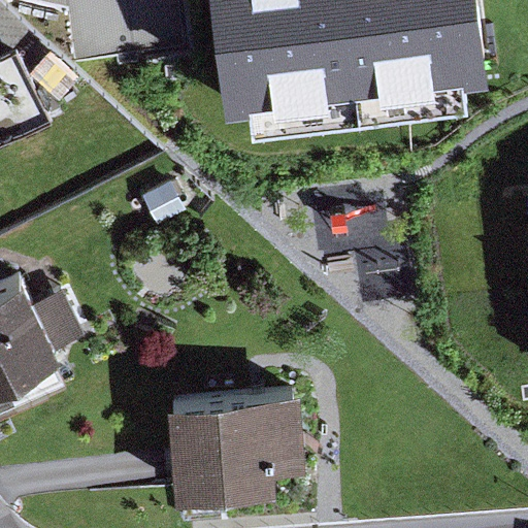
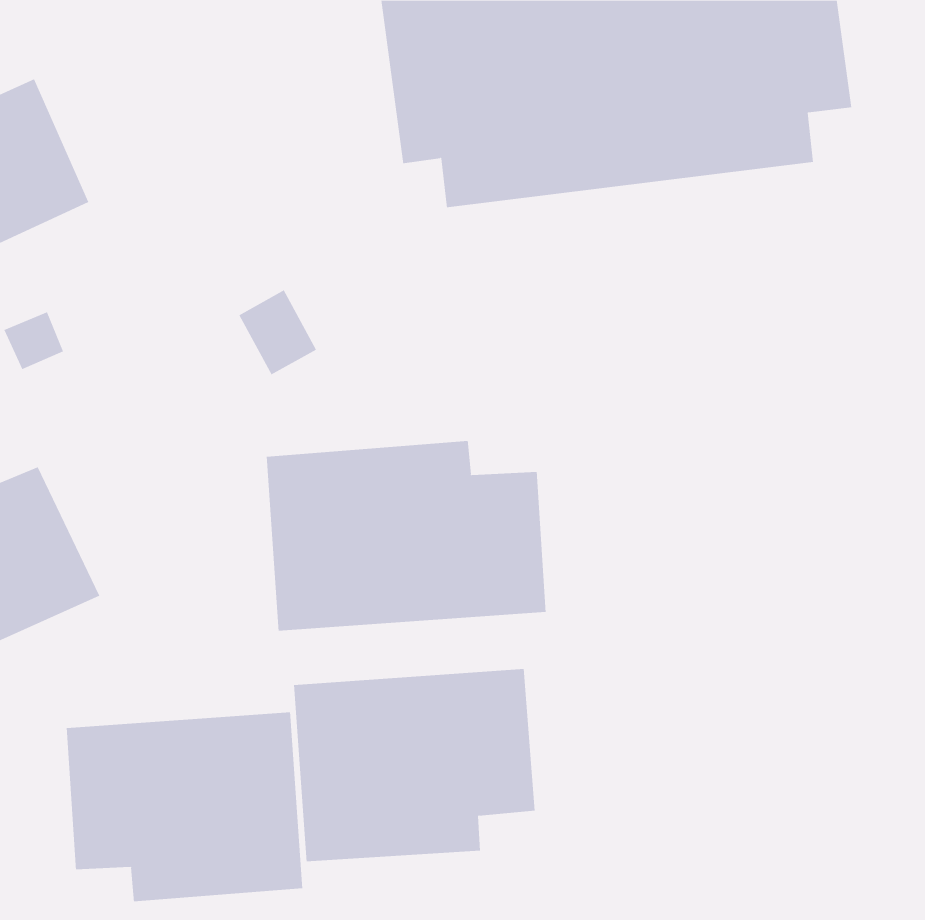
building: none -> [266,440,546,631]
building: none -> [66,712,303,902]

